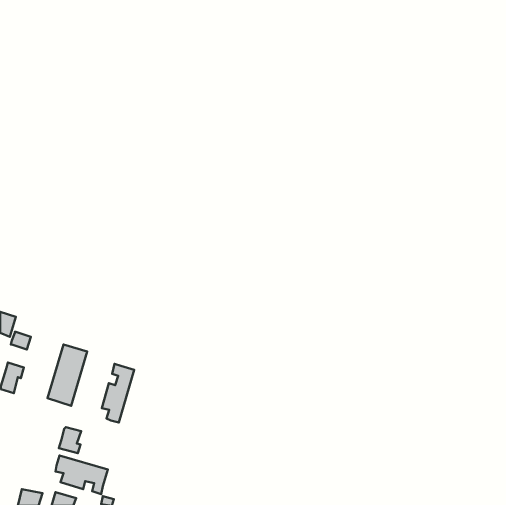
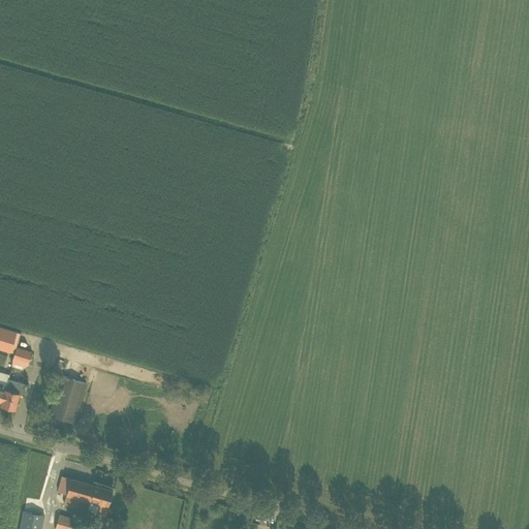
building: [102,364,134,423] -> none
building: [59,427,81,453] -> none

